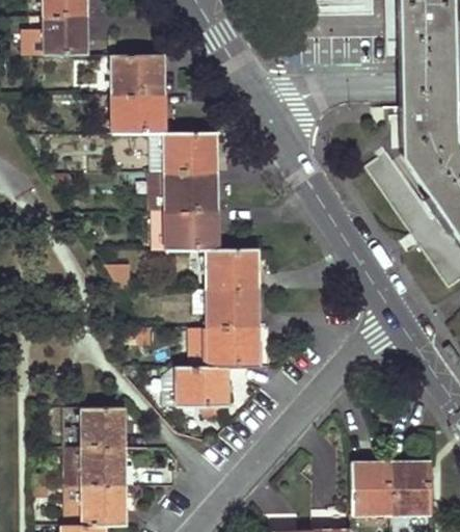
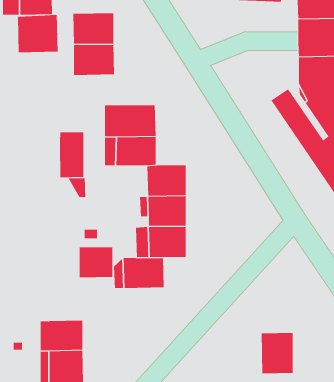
building: none -> [17,14,58,53]
building: [166,131,218,170] -> none
building: none -> [59,132,84,178]
building: [82,407,126,447] -> [79,247,113,278]
building: [394,460,433,513] -> none

